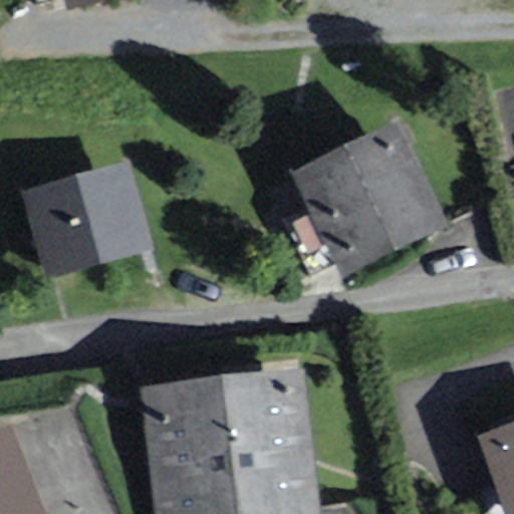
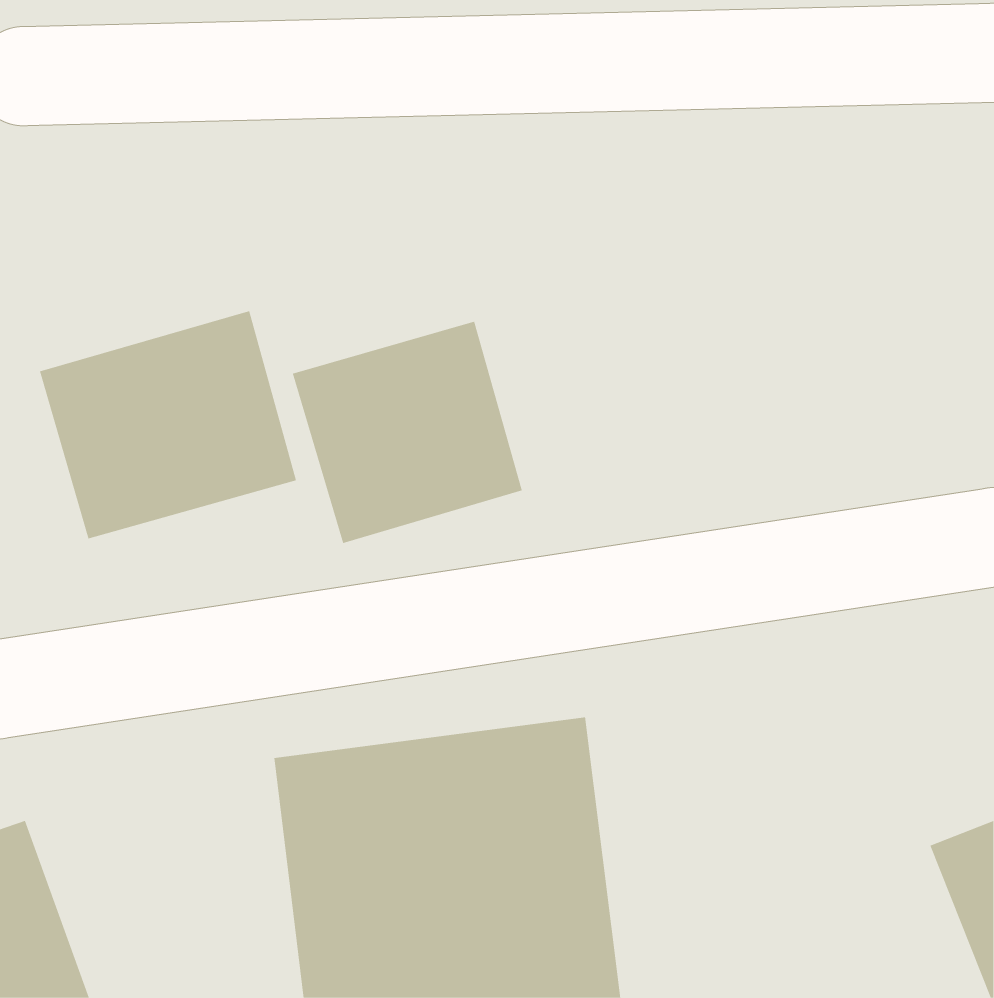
building: [290,119,447,275] -> none
building: none -> [292,321,523,544]

